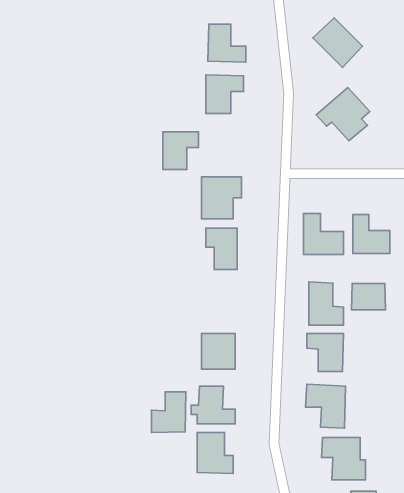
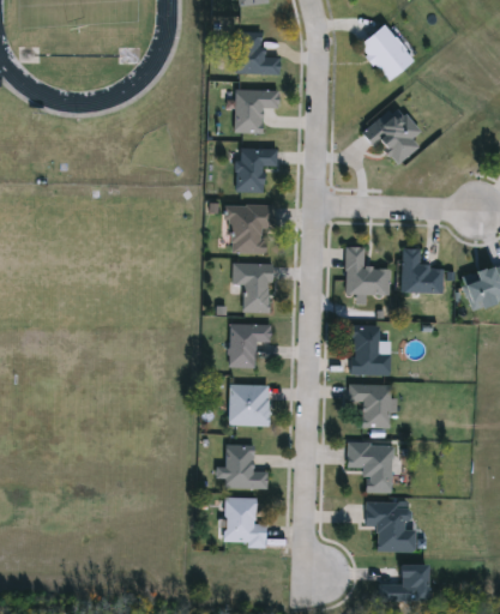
building: [163,132,198,170] -> [237,149,278,192]
building: none -> [230,324,272,367]
building: [352,284,385,310] -> none
building: [152,392,186,432] -> none

